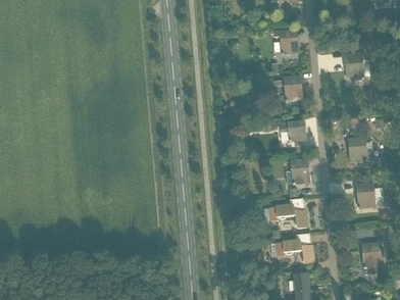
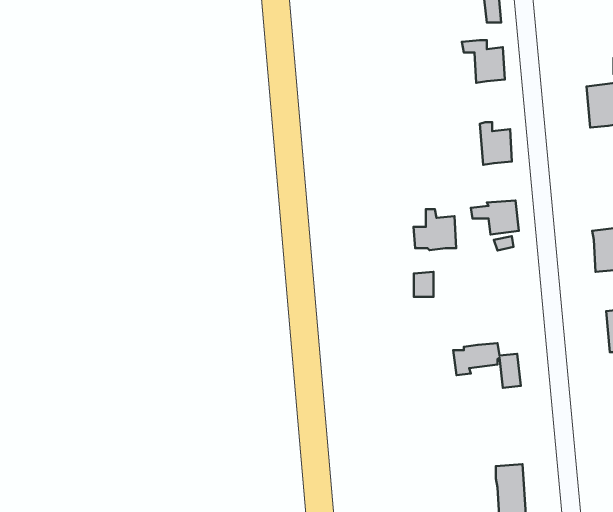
building: [285,160,309,184] -> [413,209,456,250]
building: [276,239,314,263] -> none

